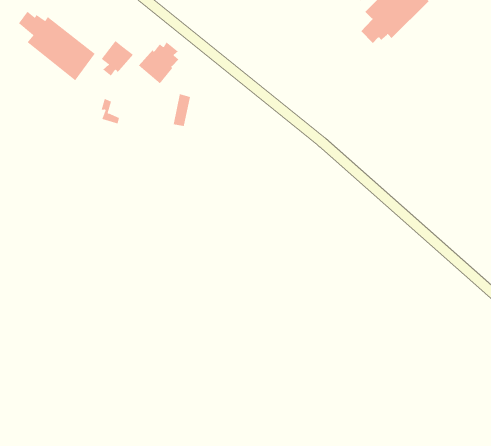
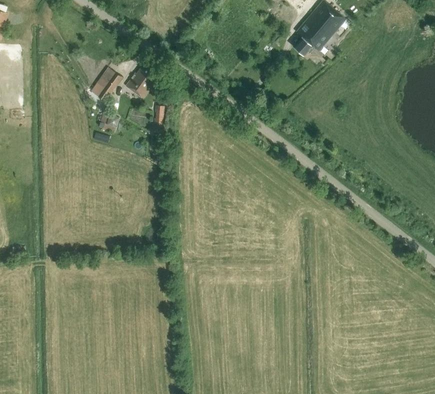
building: [18,11,95,81] -> none

